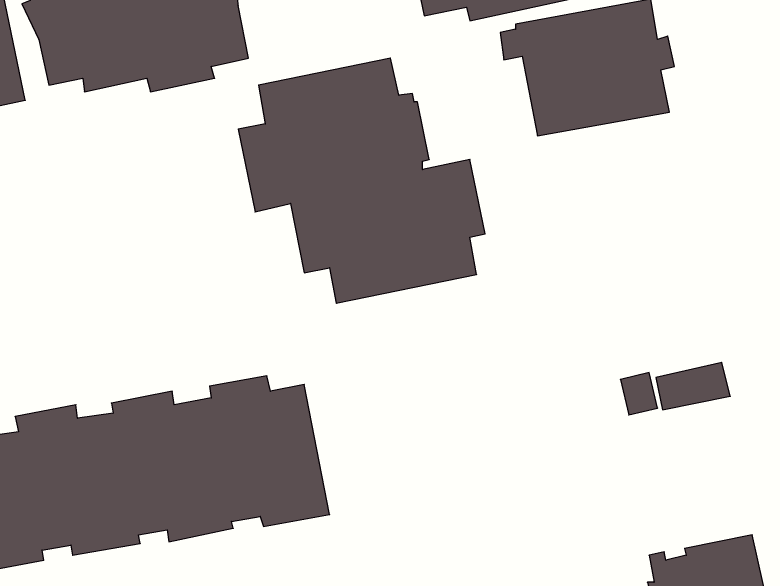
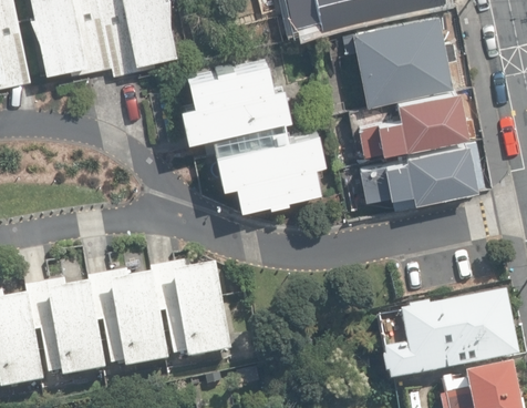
building: none -> [360,85,466,153]
building: none -> [359,139,484,207]
building: none -> [381,288,518,381]

